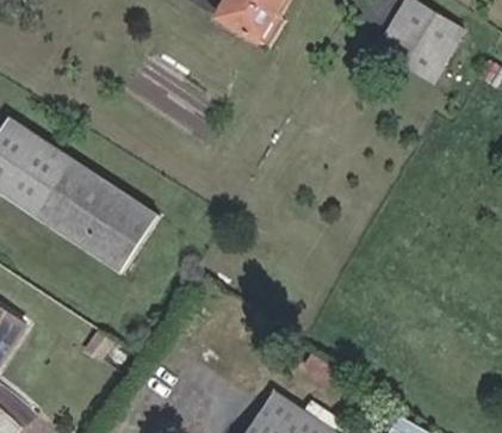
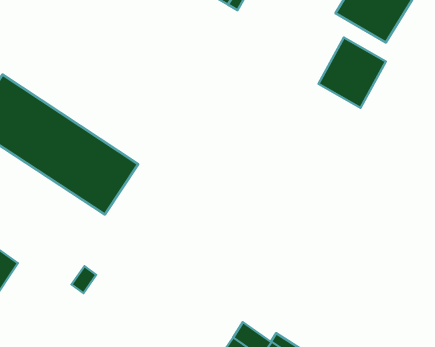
building: none -> [318,38,386,108]

